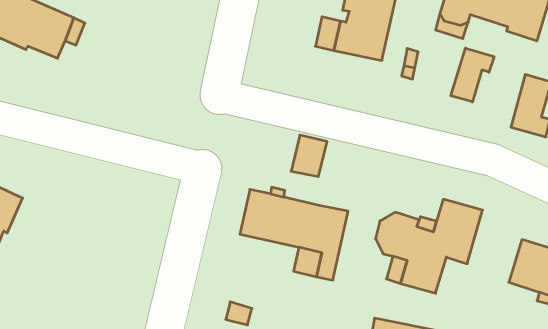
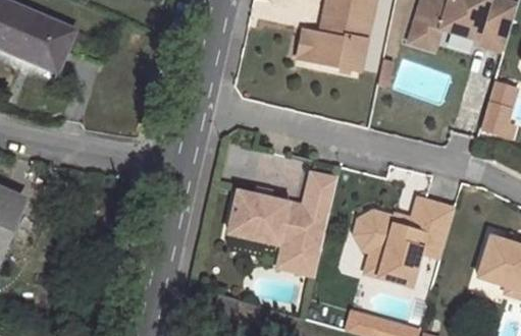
building: [451,48,494,102] -> none
building: [291,135,327,177] -> [302,171,335,210]

